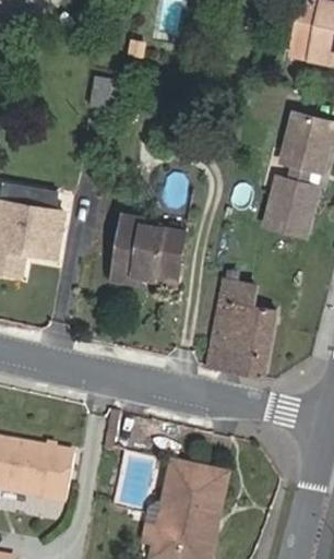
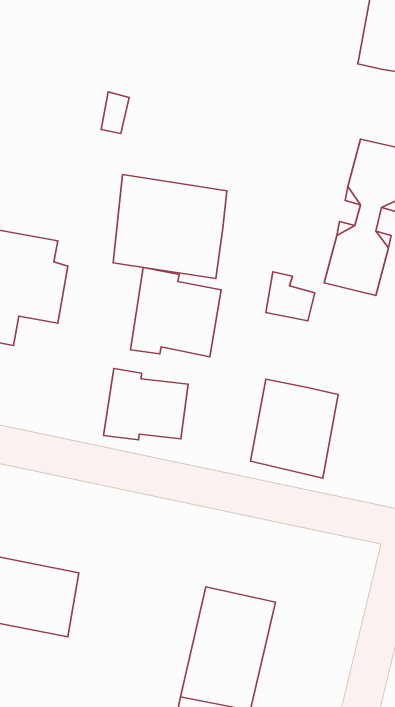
building: none -> [113,175,227,279]
building: [218,269,257,307] -> [266,272,315,321]
building: none -> [104,369,188,440]

